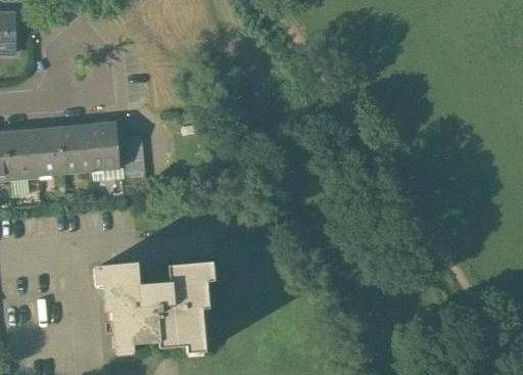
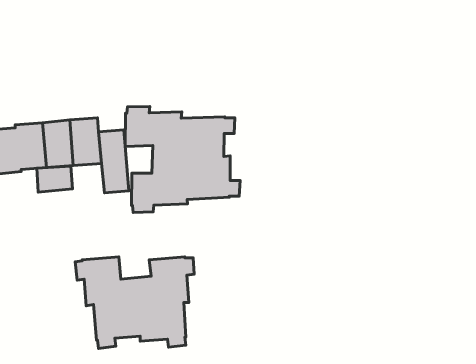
building: none -> [125,106,240,213]
building: none -> [37,166,72,192]

